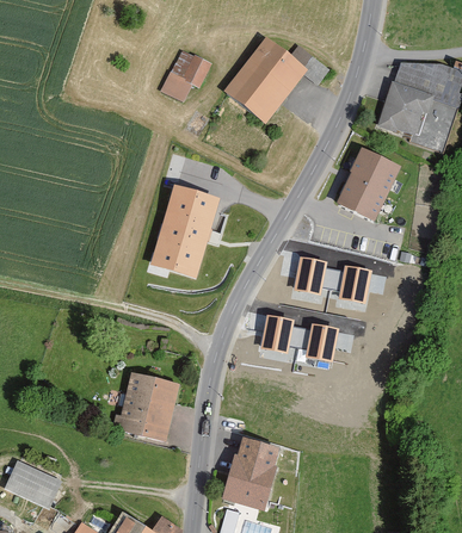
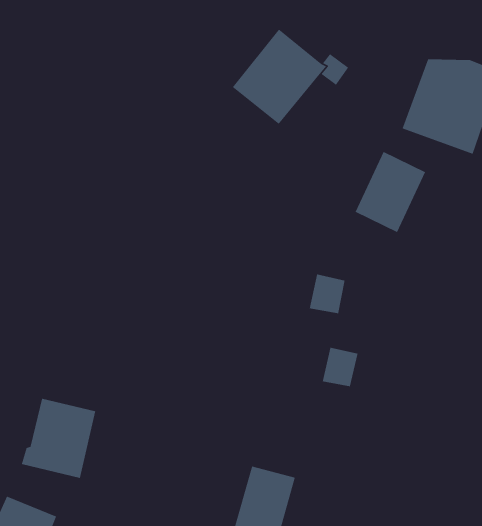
building: [160,48,212,103] -> none
building: [149,182,220,277] -> none
building: [339,267,372,304] -> none
building: [260,317,294,354] -> none
building: [112,371,181,445] -> [21,398,96,479]

